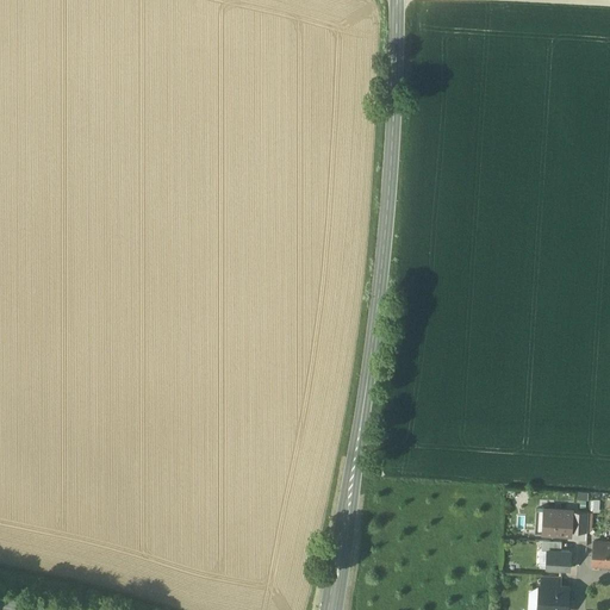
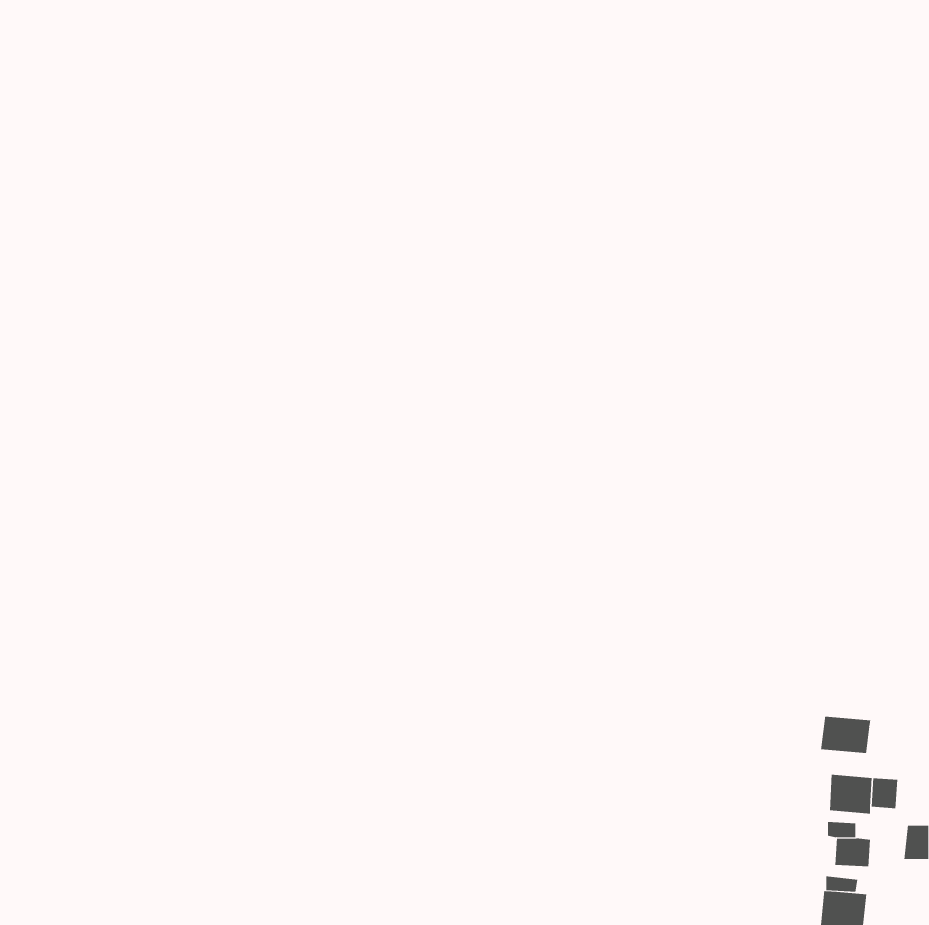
building: none -> [821,716,871,754]

